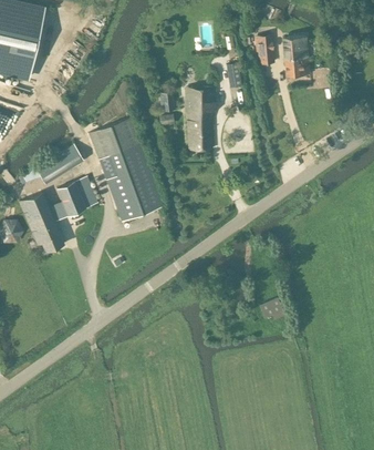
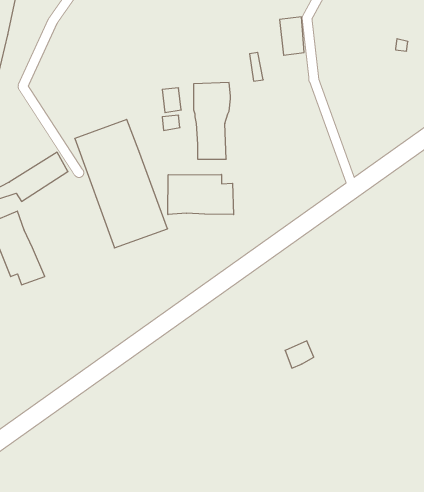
building: [281,37,309,78] -> none
building: none -> [168,174,234,215]
building: [48,175,98,222] -> none

